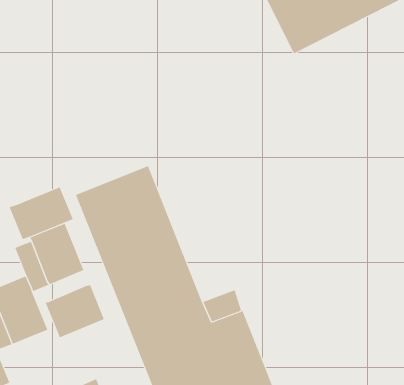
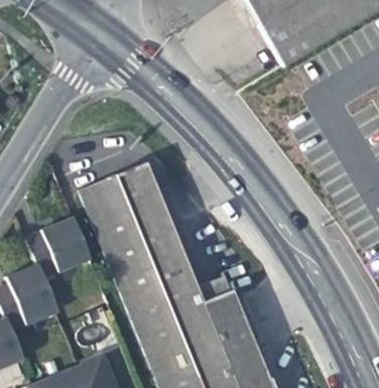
building: [9,186,74,240] -> none
building: [45,285,104,338] -> none

